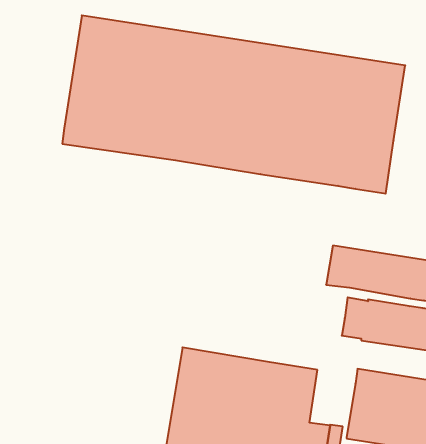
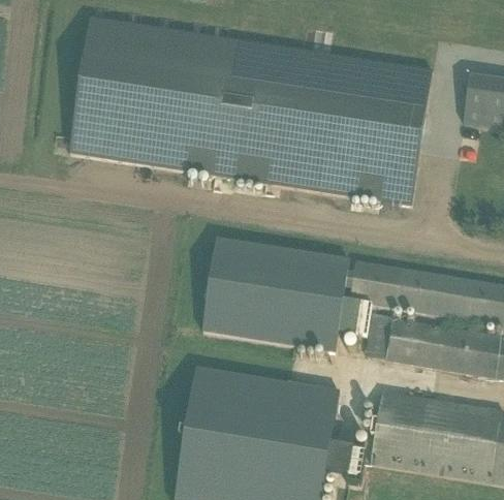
building: none -> [201,239,373,350]

